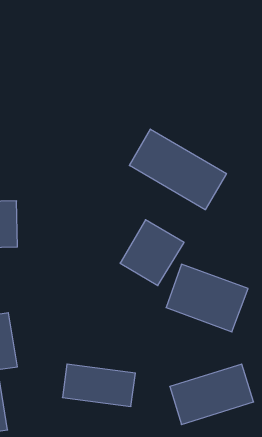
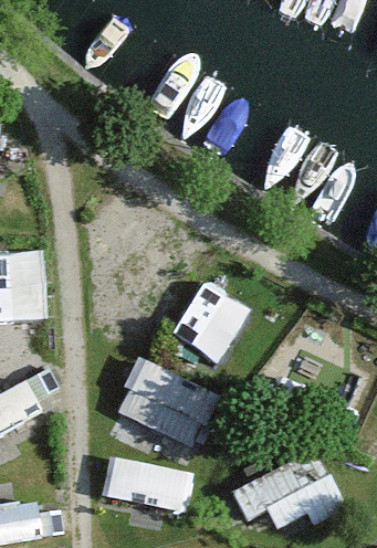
building: [129,129,226,210] -> none
building: [166,264,248,332] -> [116,362,217,445]

